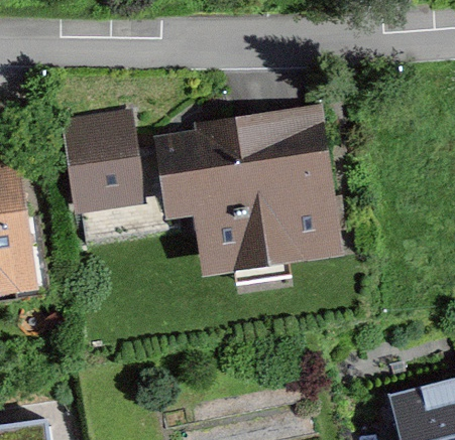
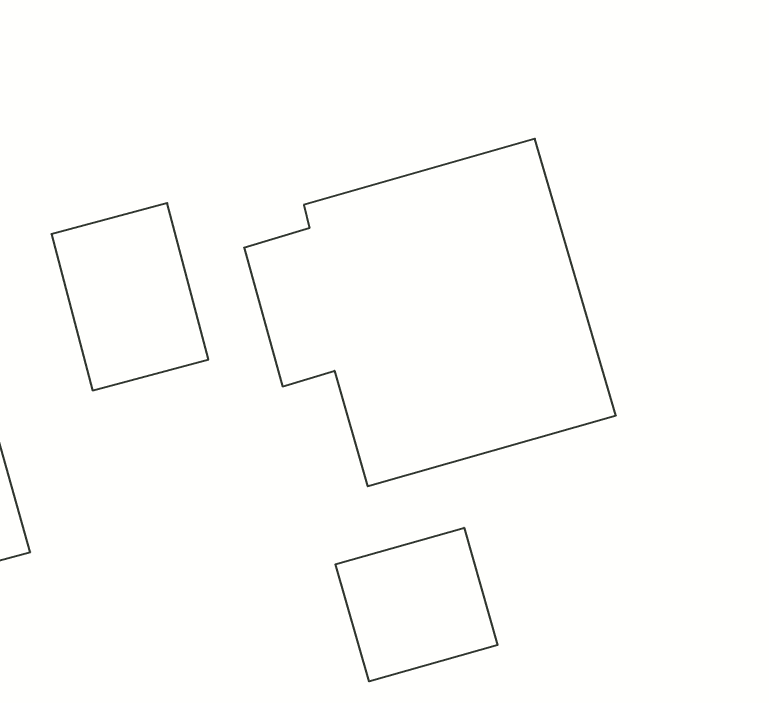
building: none -> [335,528,498,681]

